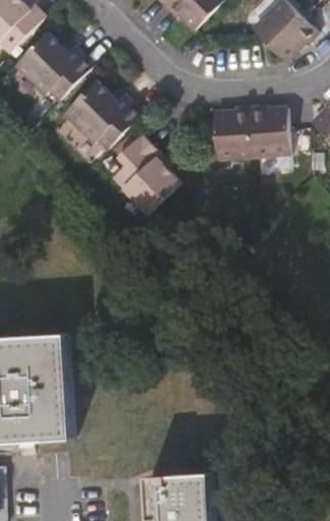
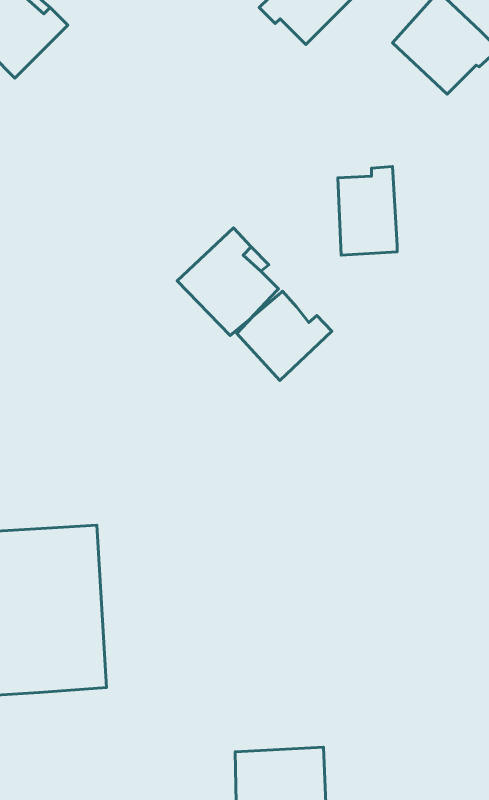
building: [16,35,93,100] -> none
building: [65,83,142,148] -> none
building: [251,105,290,160] -> none
building: none -> [237,291,332,380]

